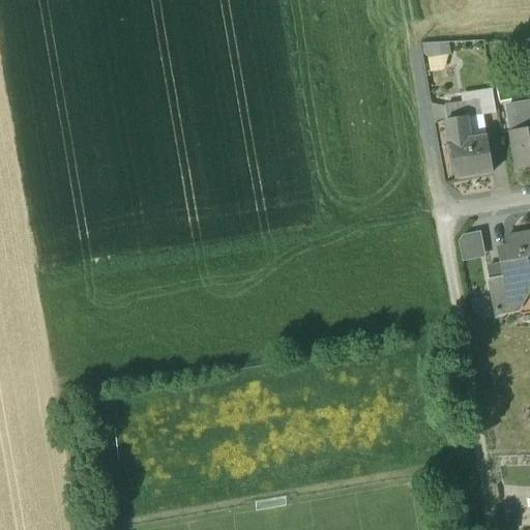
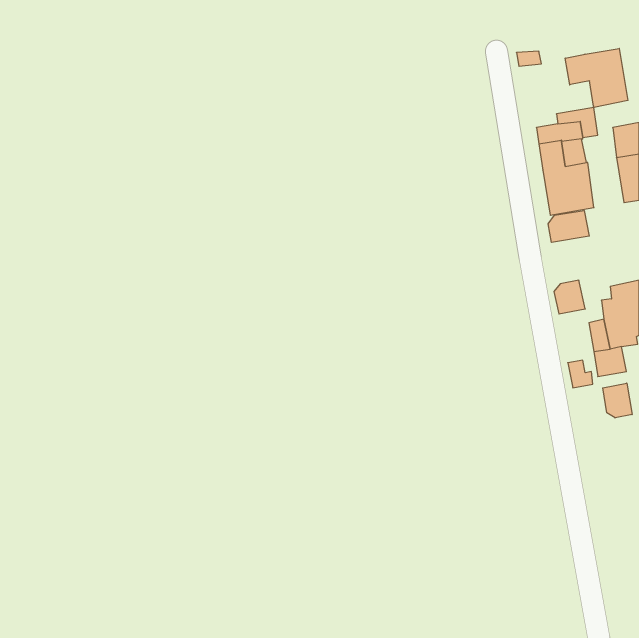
building: none -> [565,48,628,108]
building: none -> [548,210,589,242]
building: none -> [603,383,632,418]

